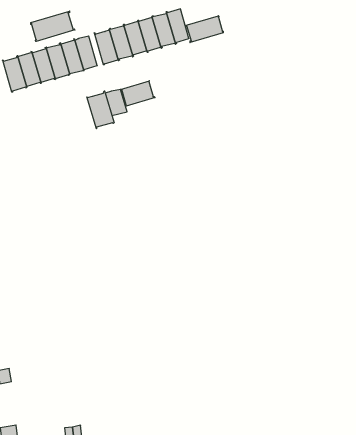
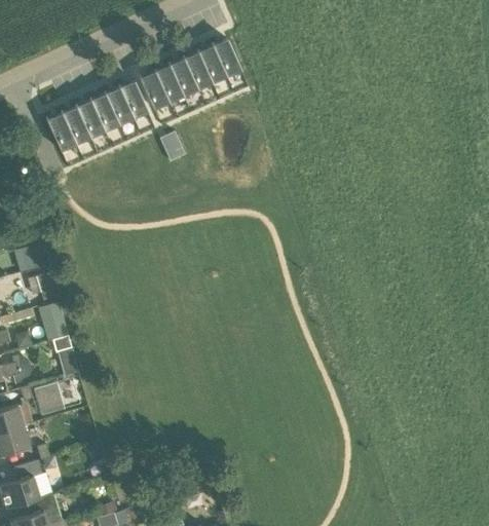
building: [31,11,75,41] -> none
building: [185,16,223,43] -> none
building: [120,81,155,106] -> none
building: [87,91,114,129] -> none

